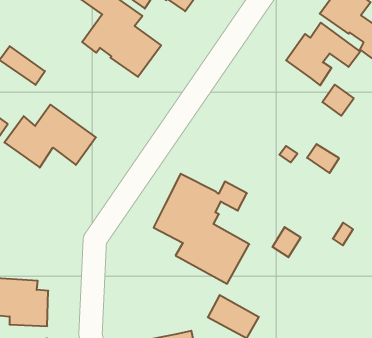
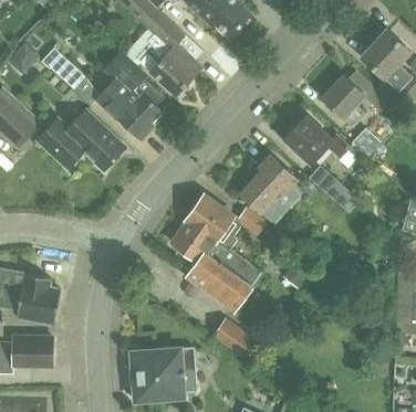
building: none -> [100,50,163,138]
building: none -> [283,115,350,163]
building: none -> [239,154,297,222]

